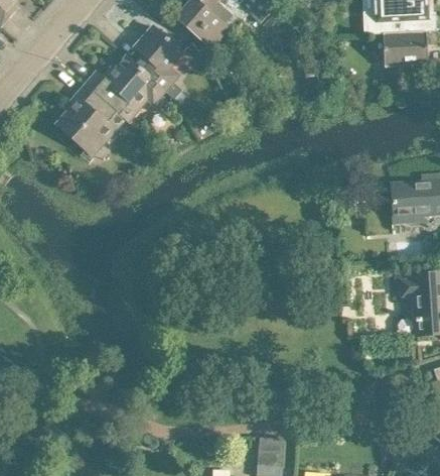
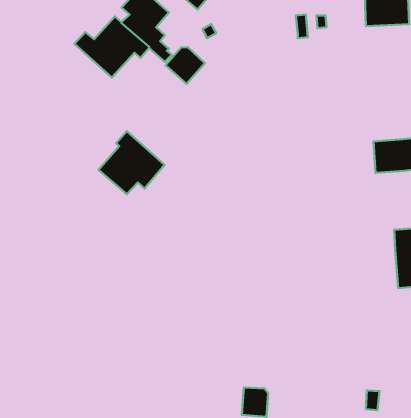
building: [56,86,124,150] -> [98,131,164,194]
building: none -> [166,47,205,84]

